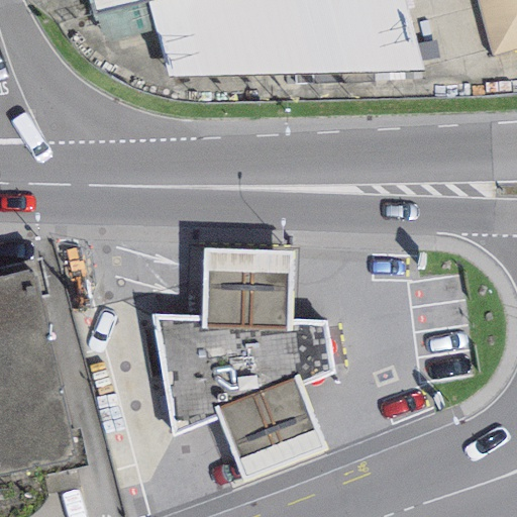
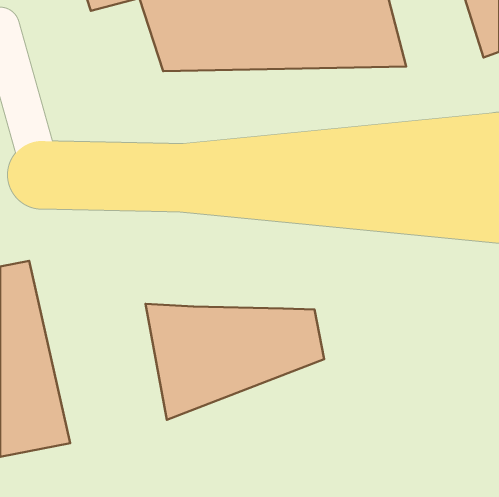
building: [200,248,293,319] -> none
building: [218,385,327,480] -> none

